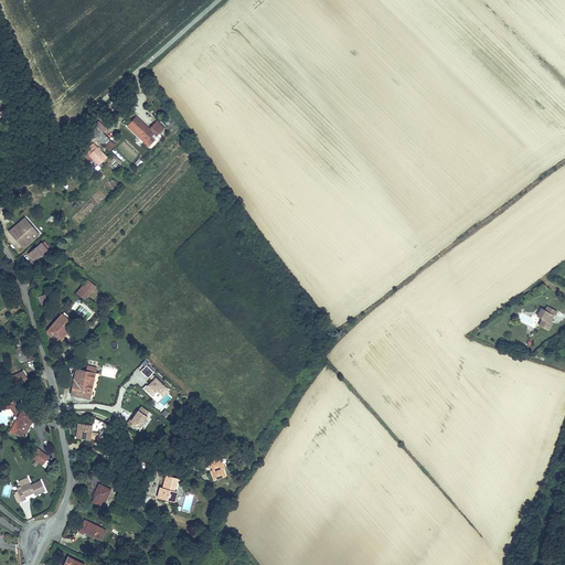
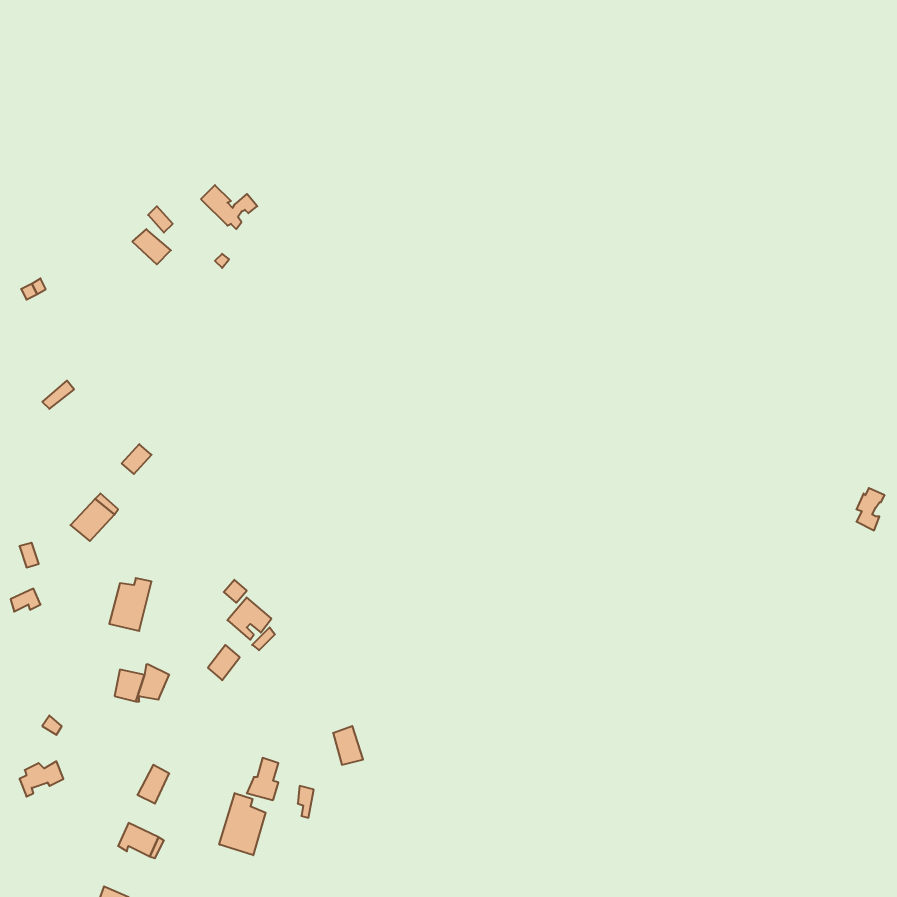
building: [7,218,36,248] -> none
building: [7,398,34,437] -> none
building: none -> [219,793,266,855]

